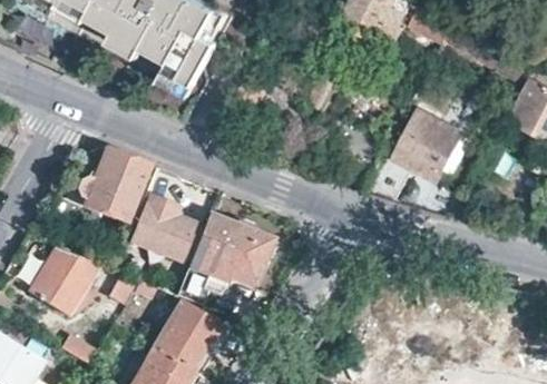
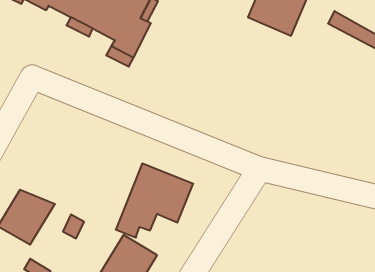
building: [374,107,461,201] -> none
building: [72,145,148,219] -> none
building: [124,198,189,263] -> none

